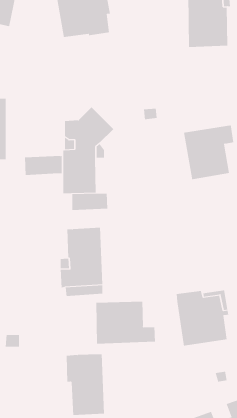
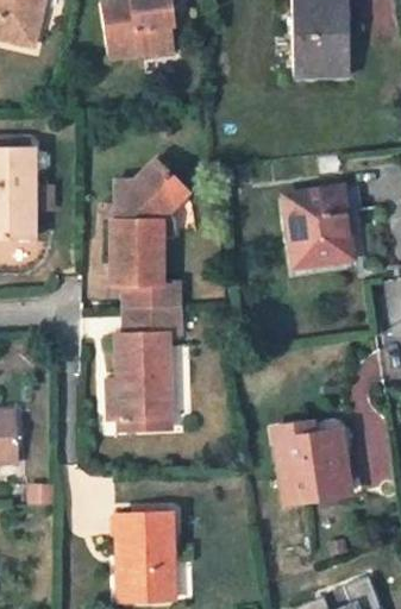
building: [24,156,62,176] -> [125,307,180,335]
building: [96,301,156,345] -> none

